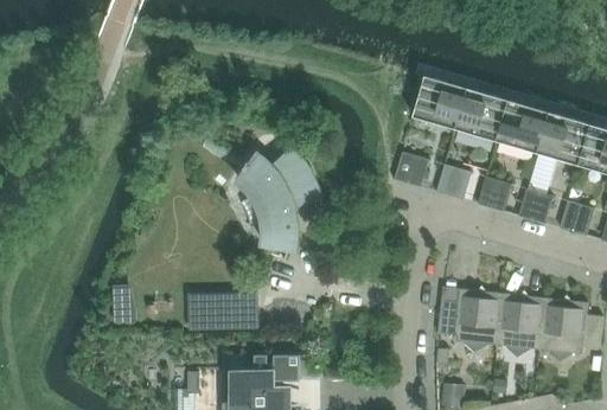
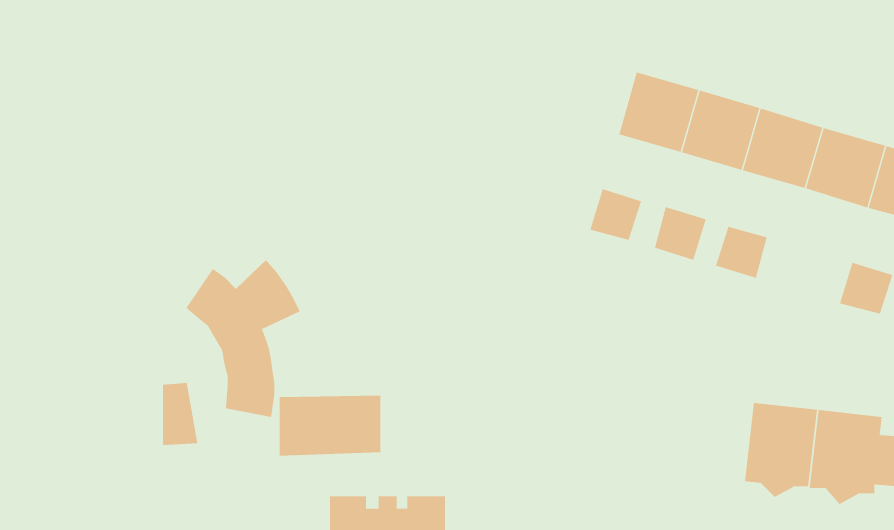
building: [238,148,314,252] -> [186,259,300,417]
building: [519,190,554,224] -> none
building: [439,289,503,352] -> none

